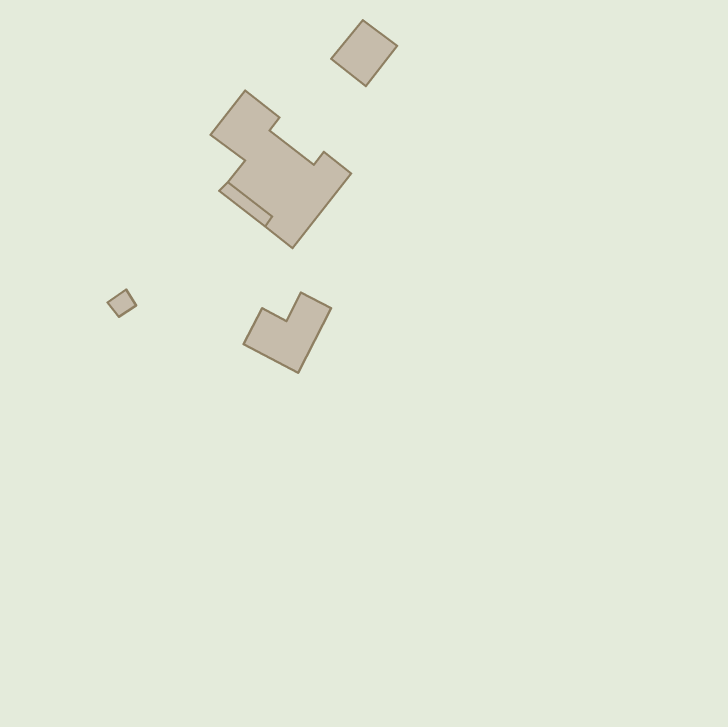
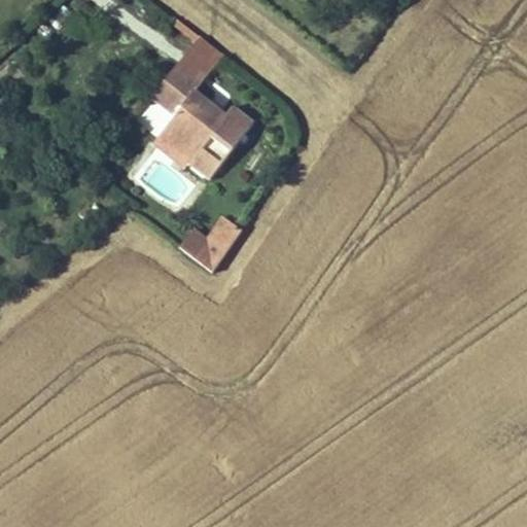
building: [331,20,397,86] -> [176,37,223,84]

